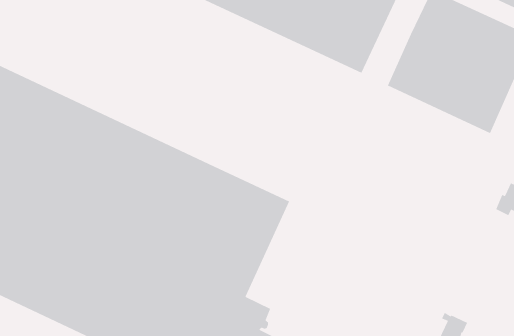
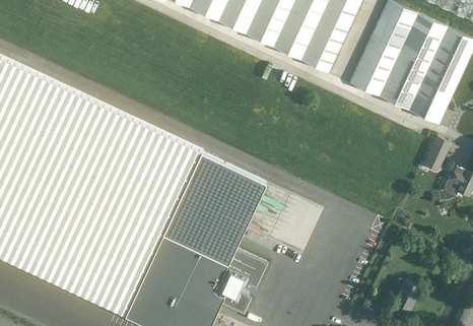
building: none -> [423,136,449,170]

